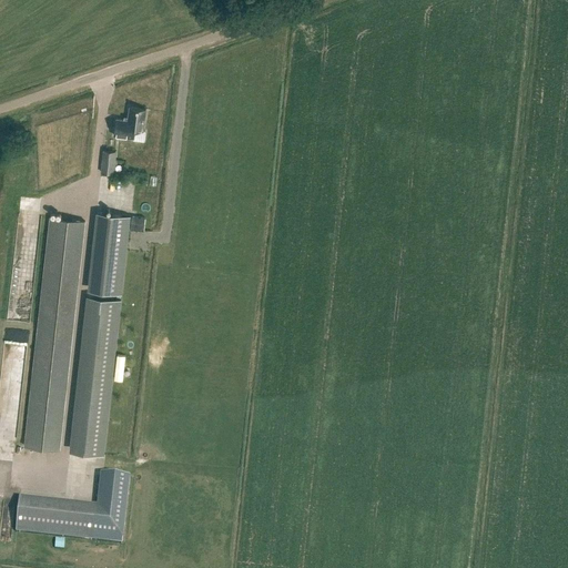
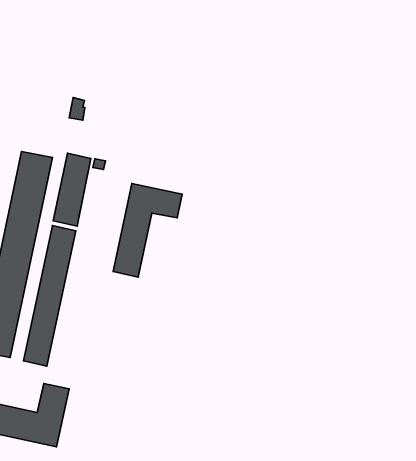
building: [112,104,144,135] -> none
building: none -> [113,183,182,277]

